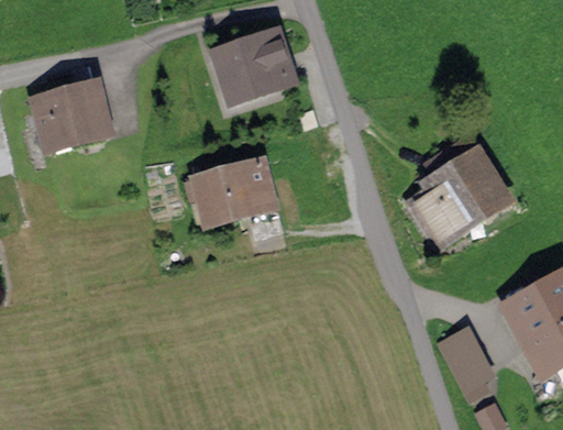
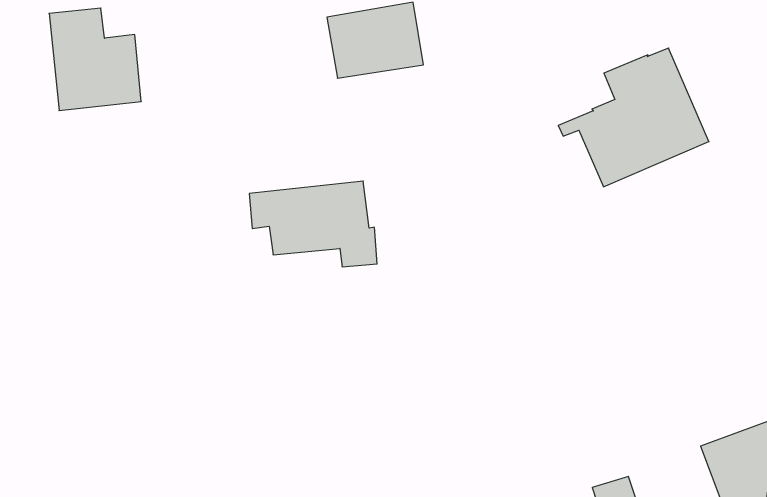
building: [402,143,505,242] -> [558,48,709,187]

